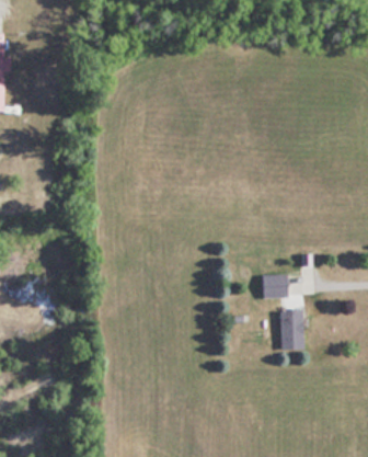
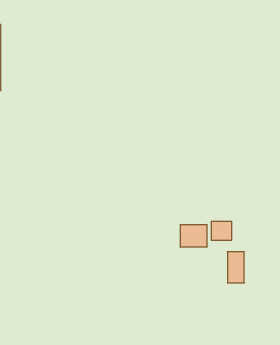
building: none -> [180,224,207,247]

